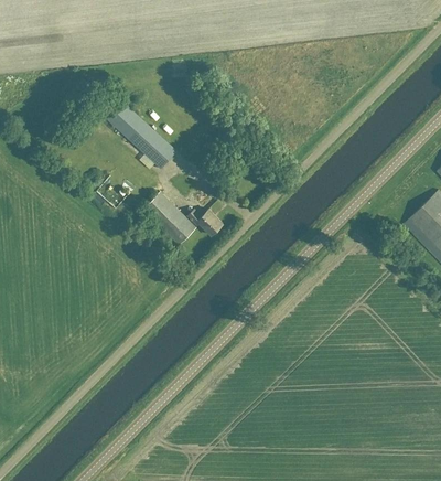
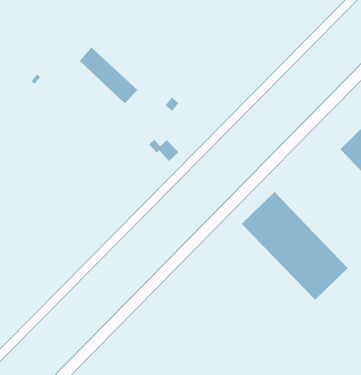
building: [142,191,195,245] -> none
building: none -> [241,191,349,301]

